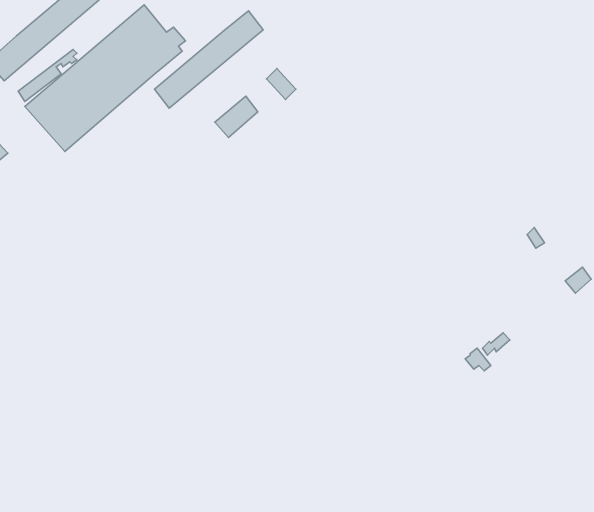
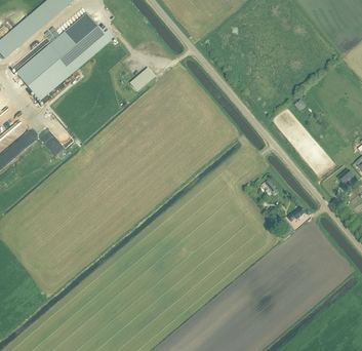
building: [154,11,263,108] -> none

